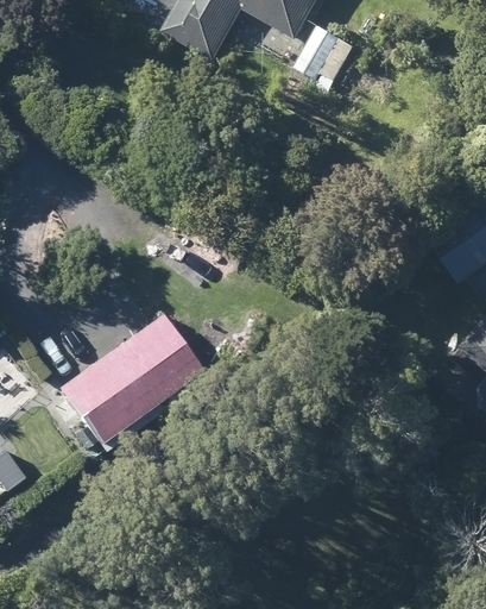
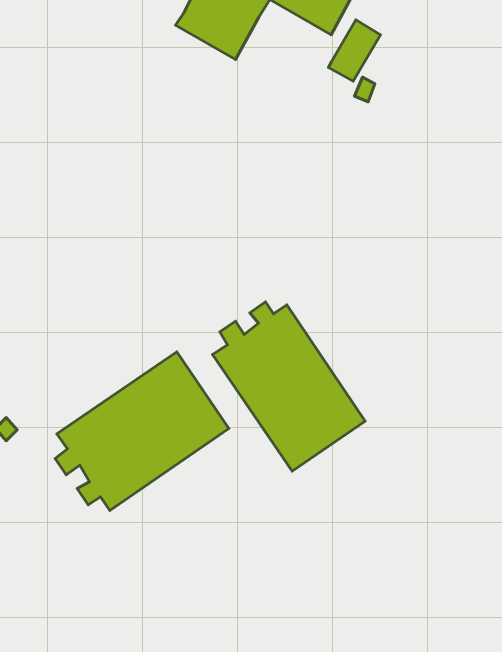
building: none -> [213,302,365,471]

